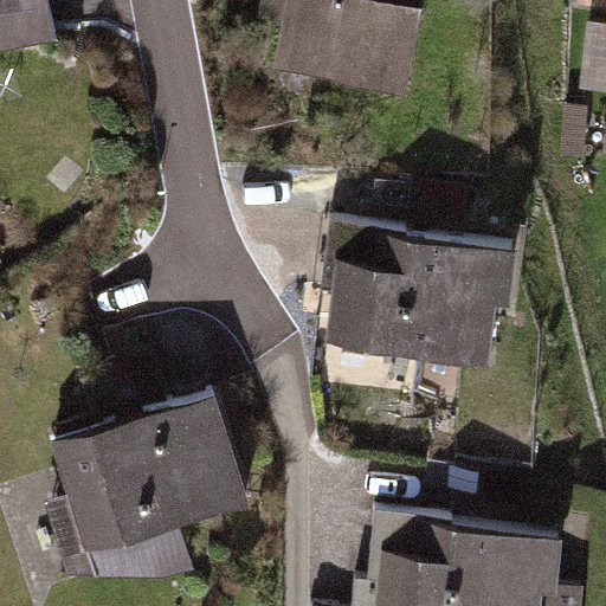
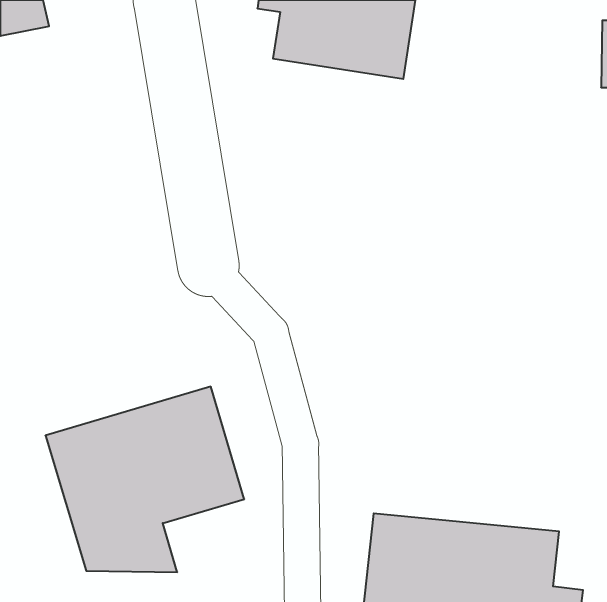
building: [321,228,515,360] -> none

